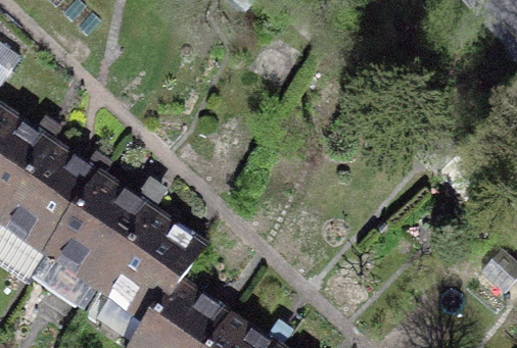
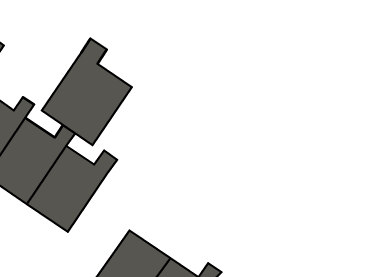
building: none -> [42,39,132,145]
building: [98,217,199,325] -> none

